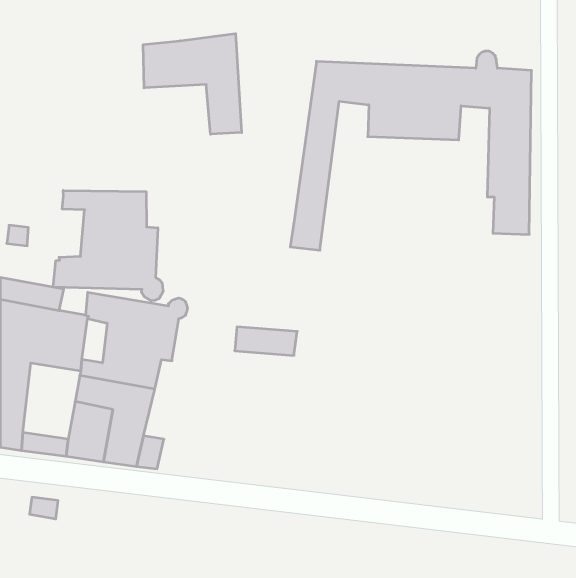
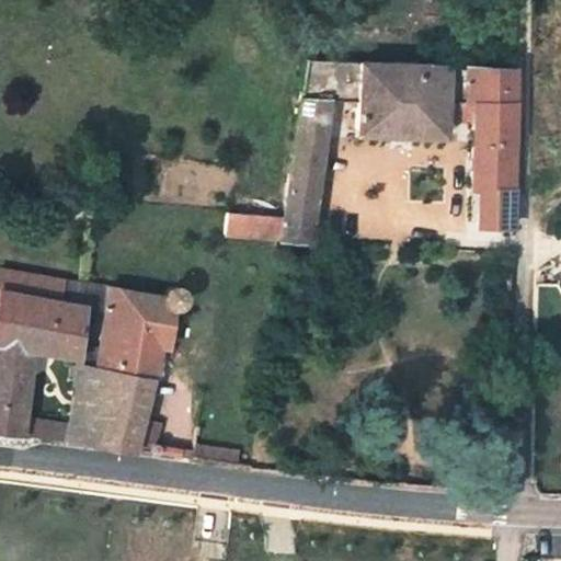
building: [143,34,242,134] -> none
building: [53,190,163,301] -> none
building: [235,327,297,355] -> [228,214,288,241]

